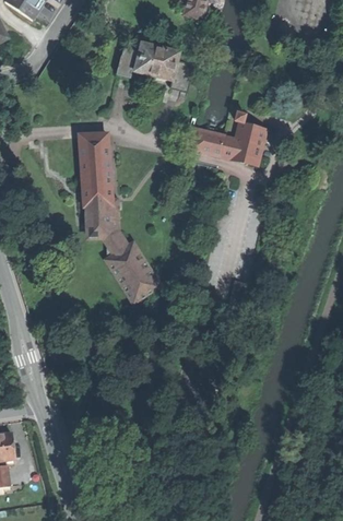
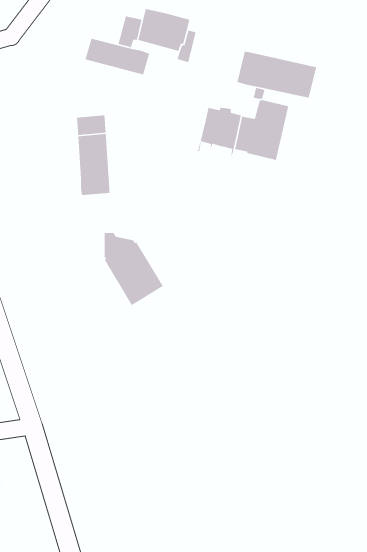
building: none -> [84,38,150,75]
building: none -> [236,51,317,99]
building: [85,199,119,238] -> none

